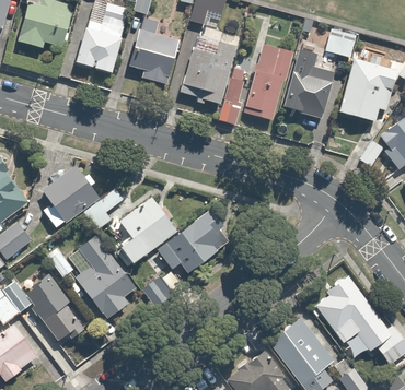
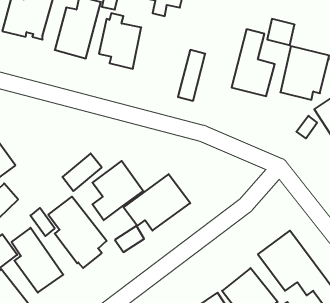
building: [177,37,235,108] -> none
building: [243,45,292,120] -> none
building: [40,162,100,228] -> none

